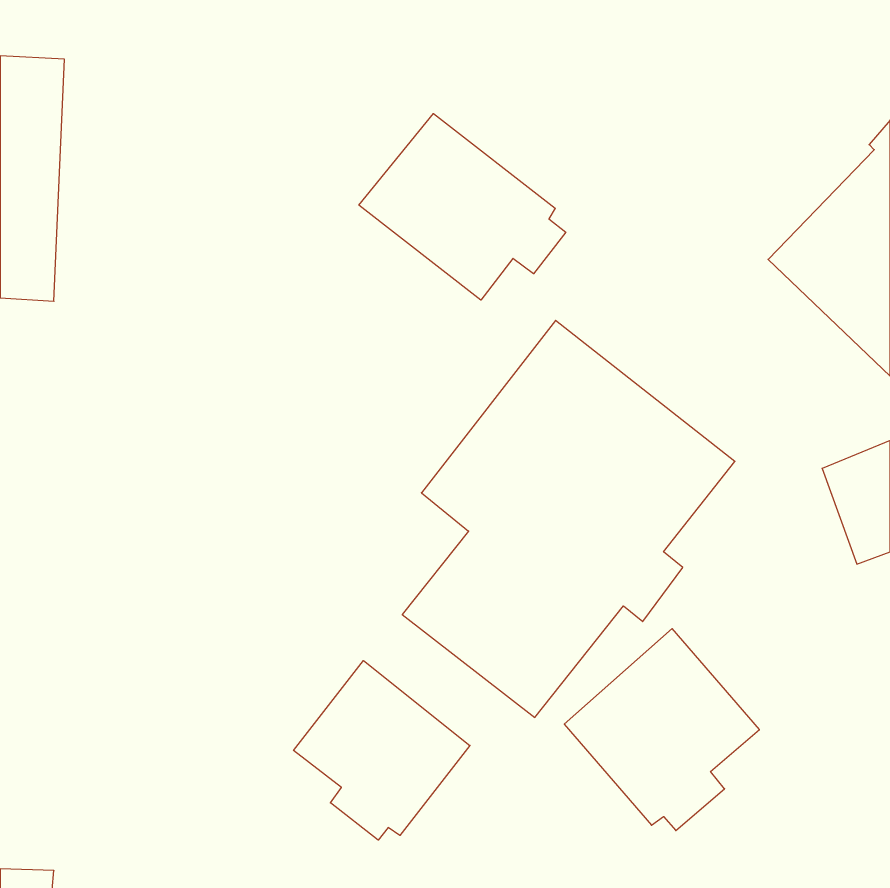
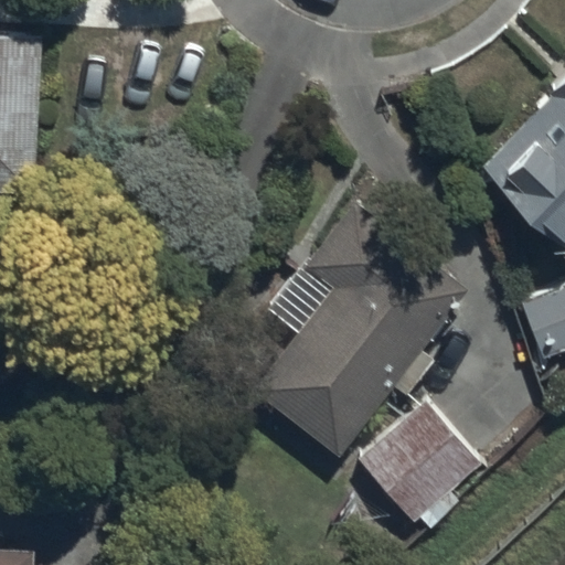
building: [359,114,566,300] -> none
building: [294,661,470,840] -> none

